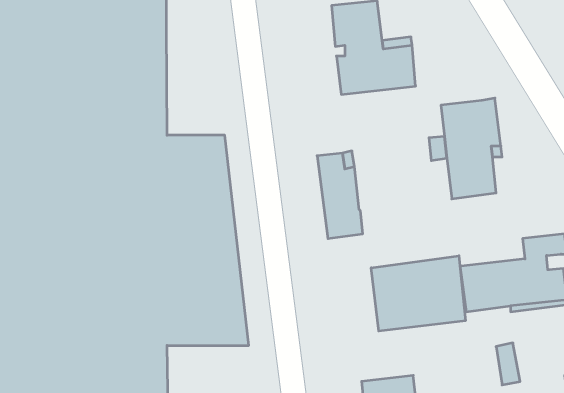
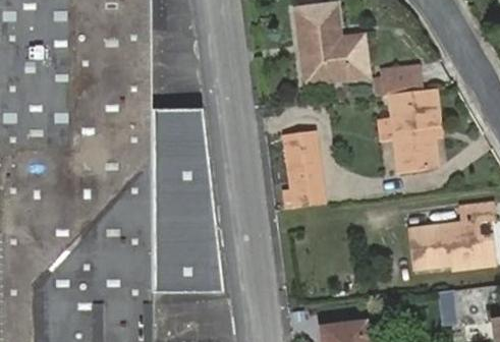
building: none -> [378,61,423,91]
building: [371,256,465,331] -> none

